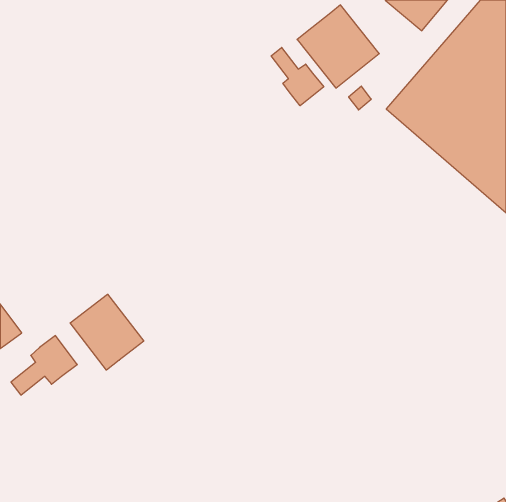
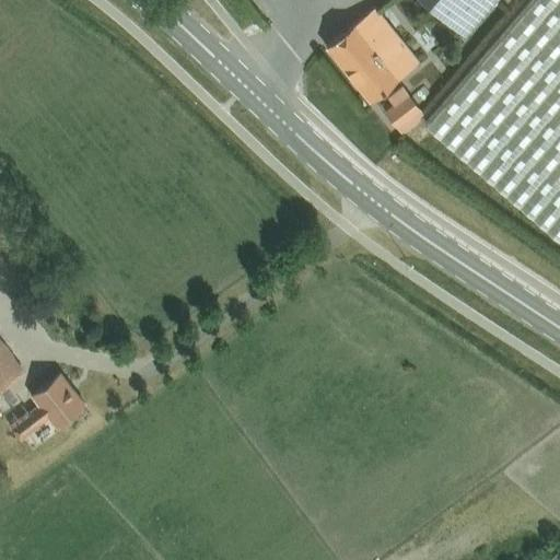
building: [271,47,324,106] -> none
building: [70,294,144,370] -> none

